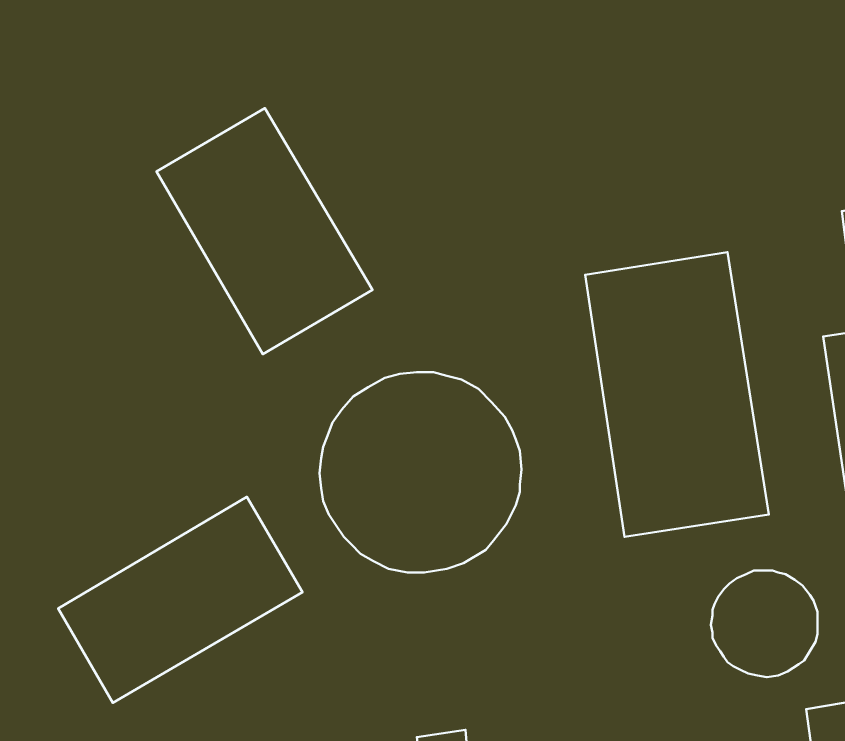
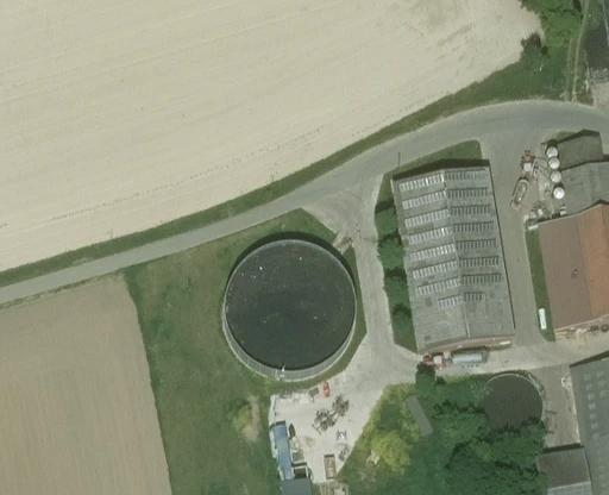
building: [156,108,373,354] -> none
building: [58,497,303,703] -> none

